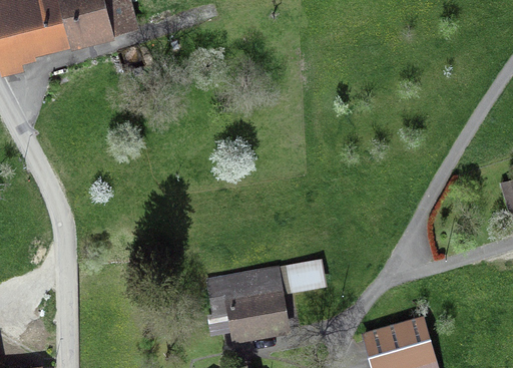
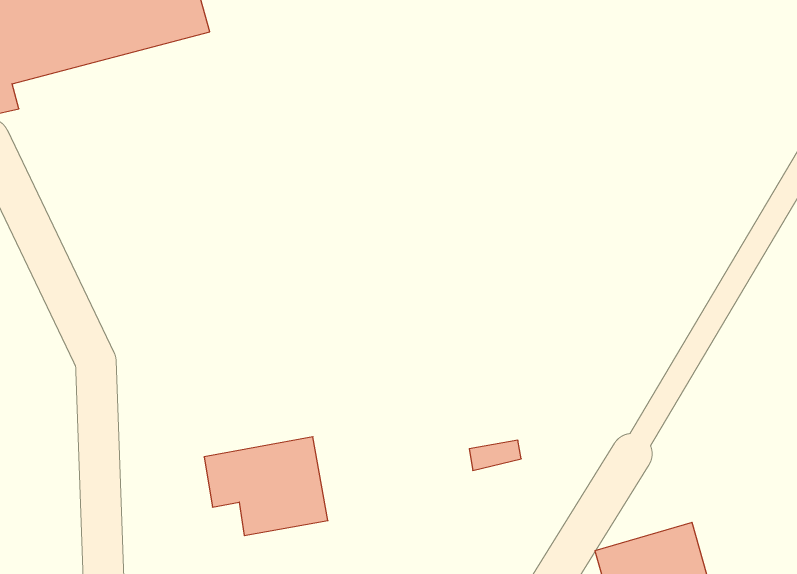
building: [208,272,283,331] -> [204,437,328,536]

